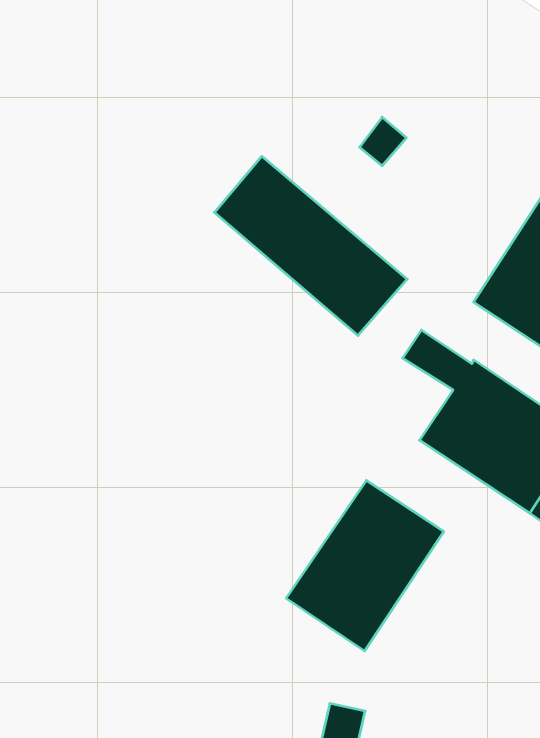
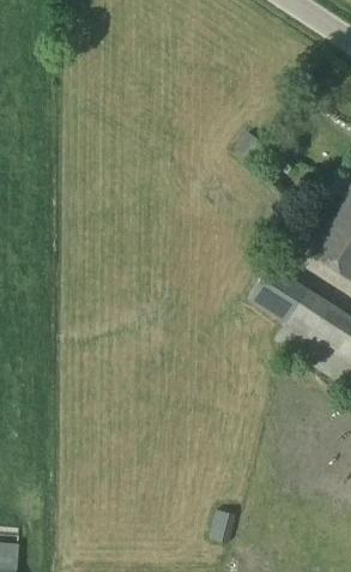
building: [214,156,407,336] -> none
building: [286,480,444,651] -> none

